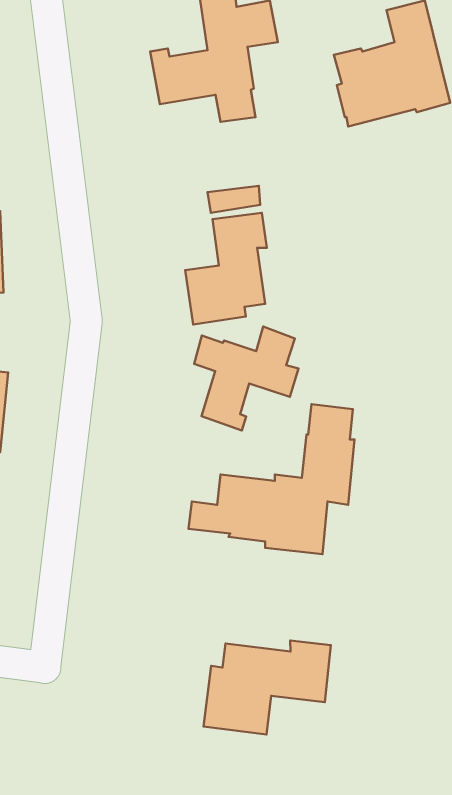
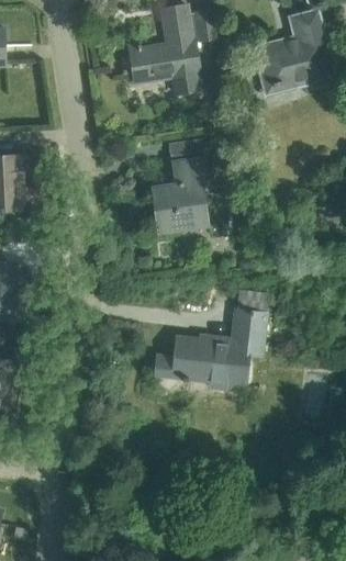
building: [194,327,299,431] -> none
building: [203,640,331,734] -> none

